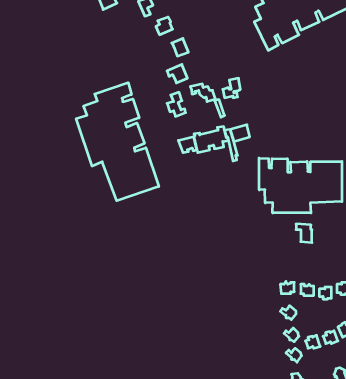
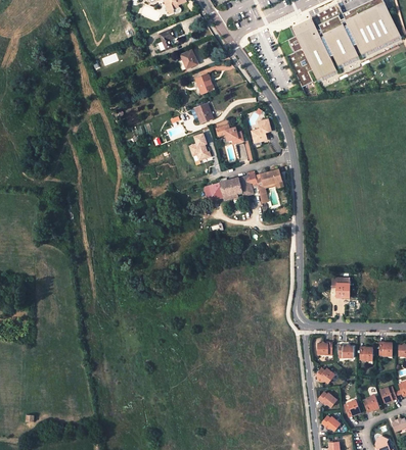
building: [76,83,159,201] -> none
building: [259,158,342,213] -> none

